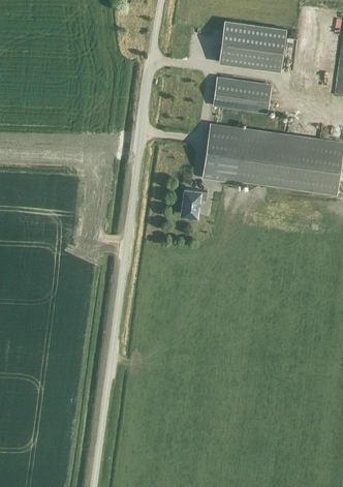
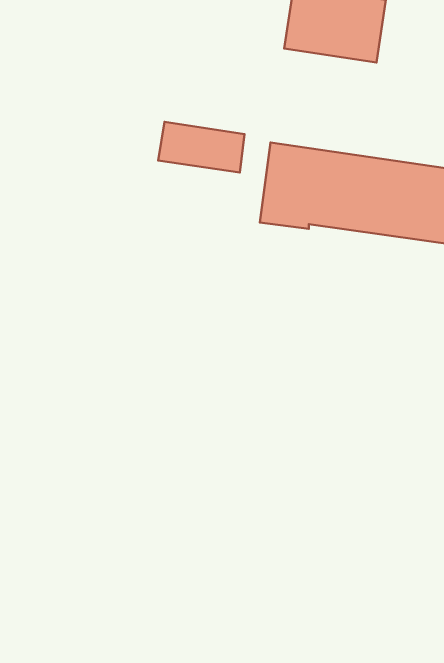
building: [213,78,271,112] -> [158,122,244,173]
building: [181,185,208,216] -> none

